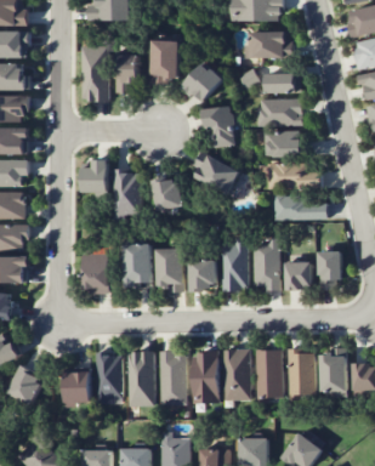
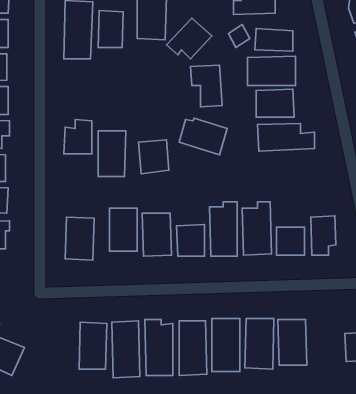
building: [274,197,328,220] -> none
building: [319,351,346,397] -> none
building: [64,371,90,408] -> none

